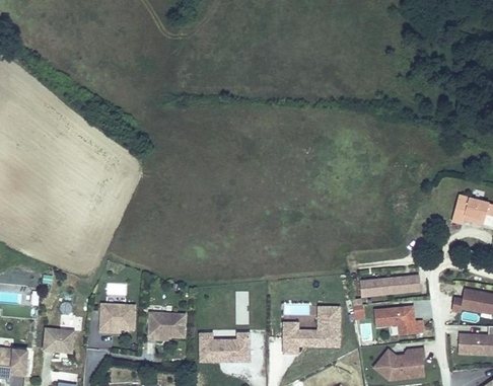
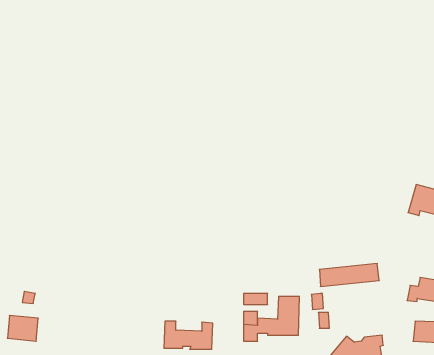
building: [97,302,136,334] -> none
building: [372,304,424,333] -> none
building: [146,311,187,340] -> none

